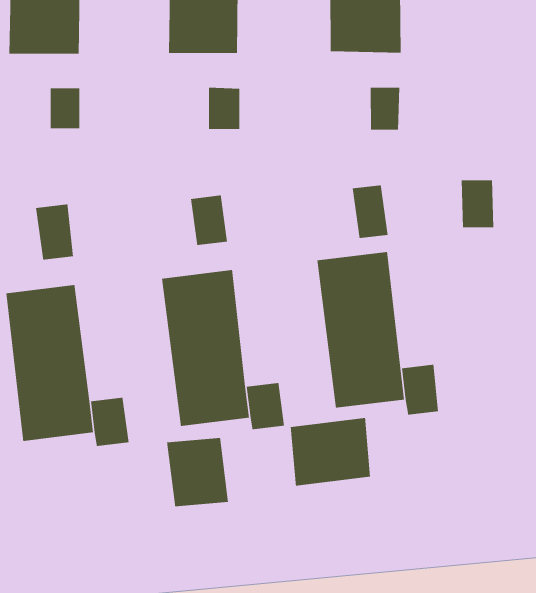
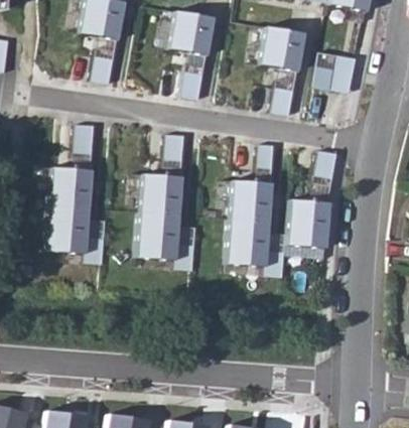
building: none -> [314,51,358,92]
building: none -> [287,199,329,248]
building: [290,417,371,487] -> none
building: [167,437,229,507] -> none

